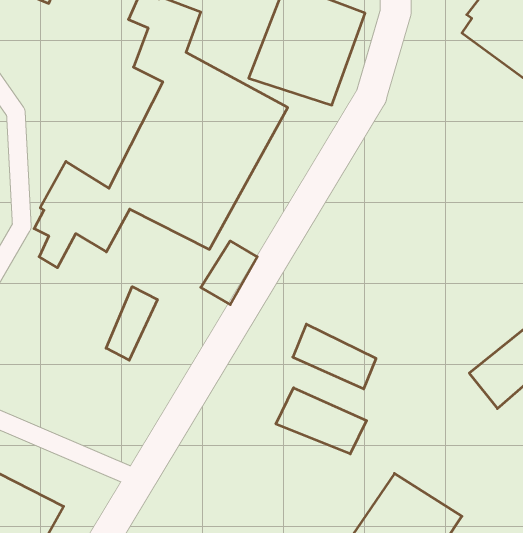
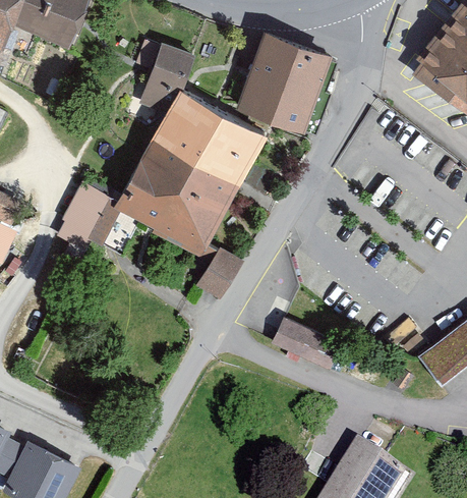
building: [106,287,157,360] -> none
building: [276,388,367,454] -> none

